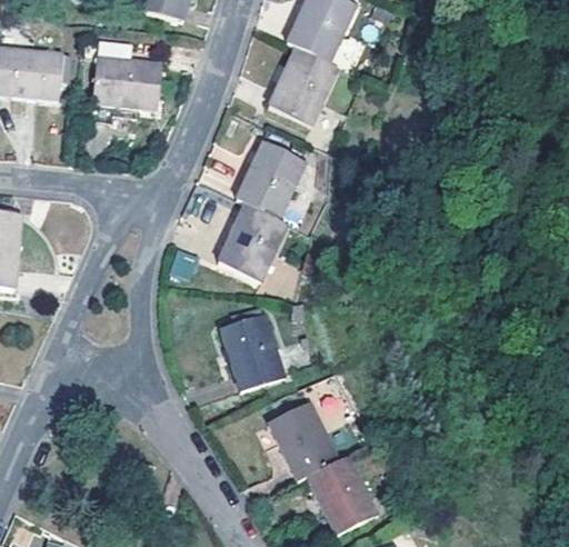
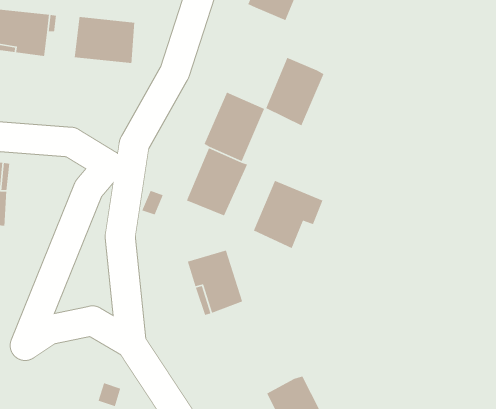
building: [271,46,338,123] -> [265,57,325,126]
building: none -> [253,180,324,249]
building: [269,404,339,481] -> none

